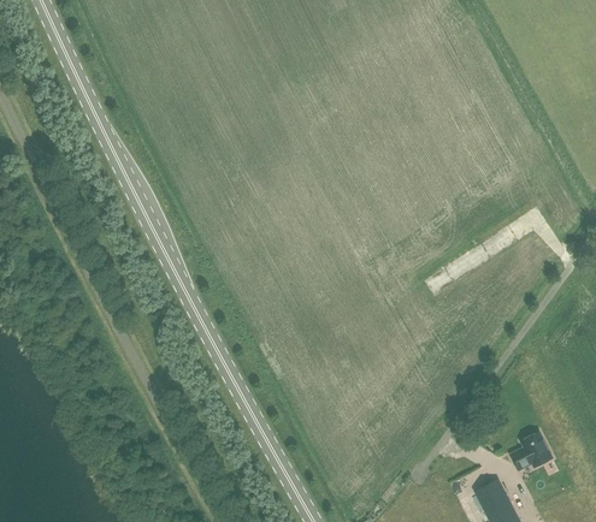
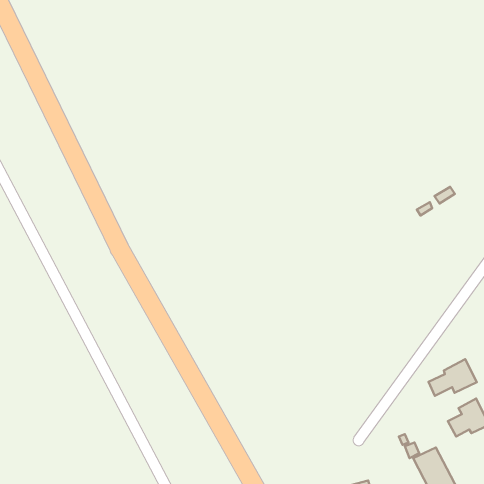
building: none -> [429,359,477,396]

